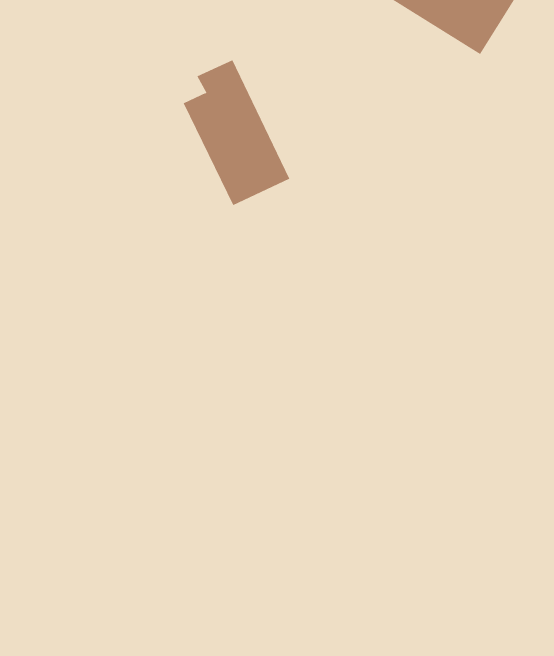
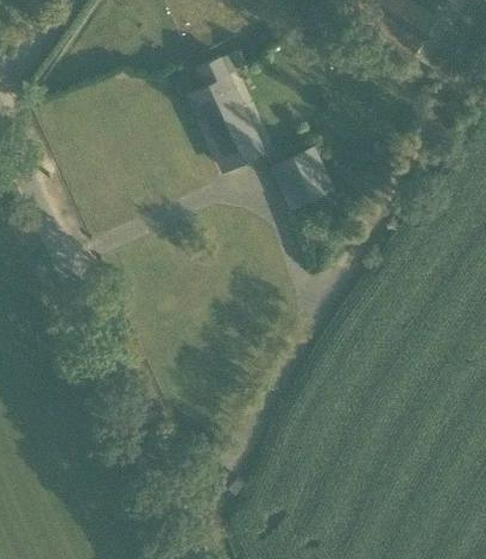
building: none -> [270,140,339,209]

